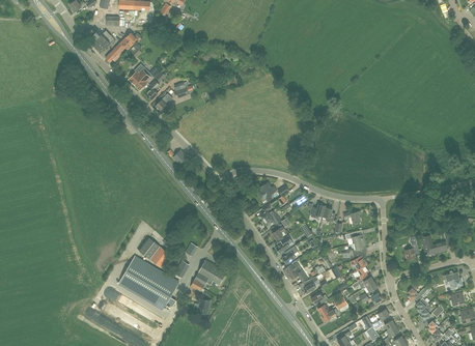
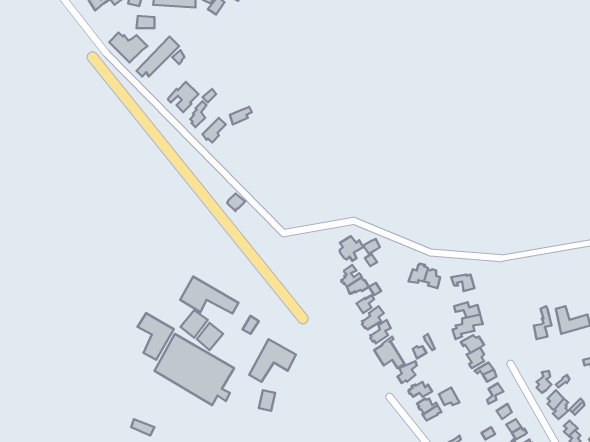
building: none -> [180,277,238,313]
building: none -> [137,313,174,360]

